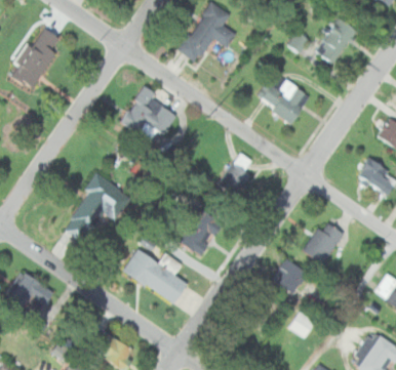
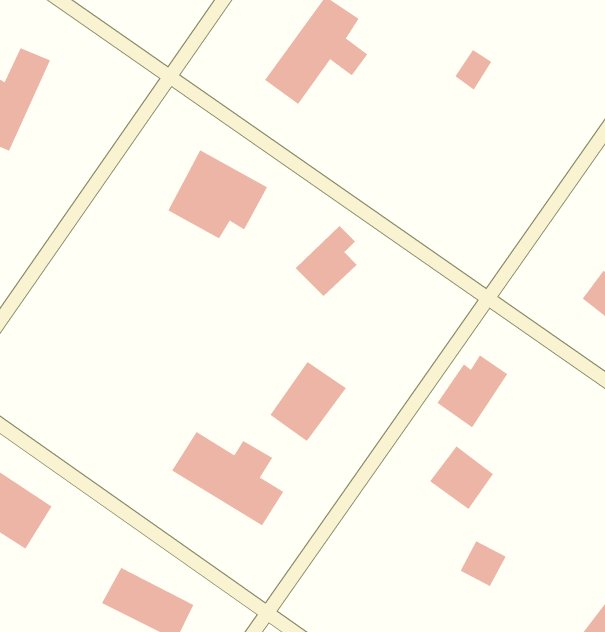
building: [315,16,358,65] -> none
building: [260,74,311,123] -> none
building: [217,154,253,195] -> [295,225,358,297]
building: [65,175,131,240] -> none
building: [303,222,344,264] -> [437,355,508,428]

